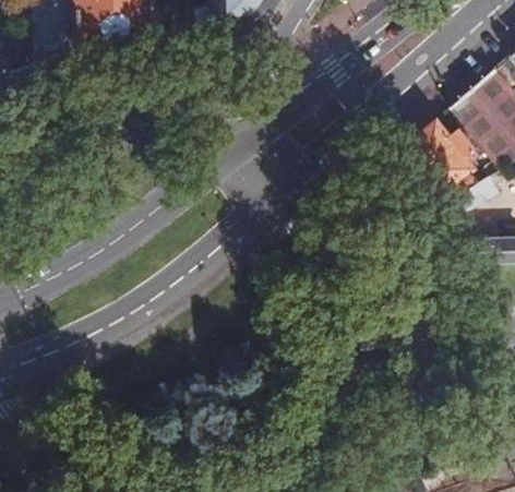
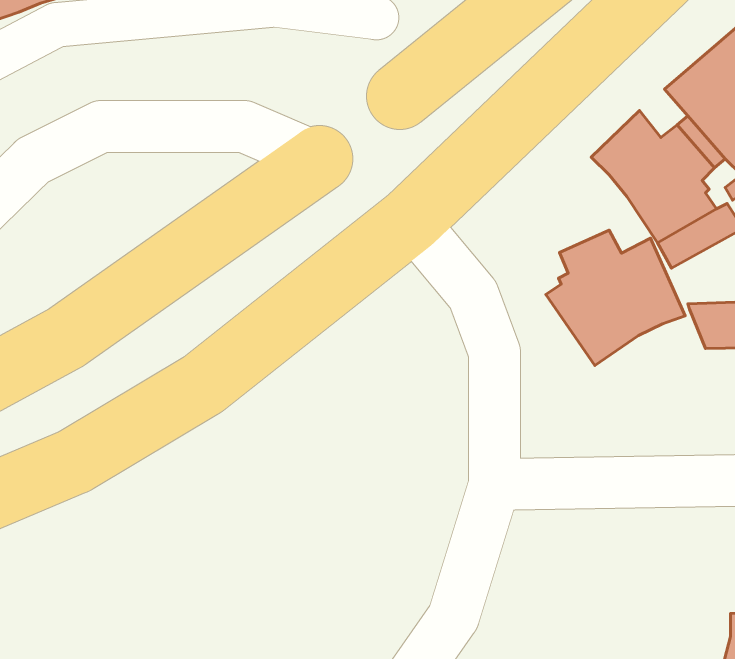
building: none -> [546,230,685,366]

